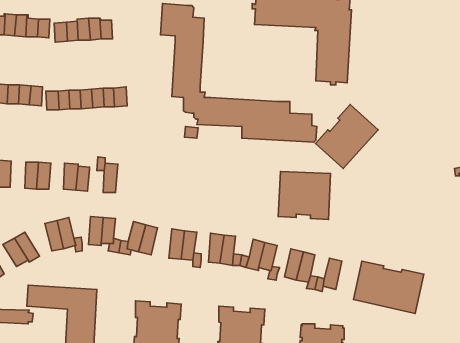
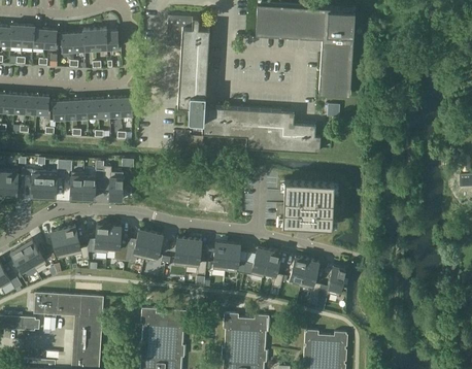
building: [316,104,378,168] -> none
building: [353,261,424,313] -> none

